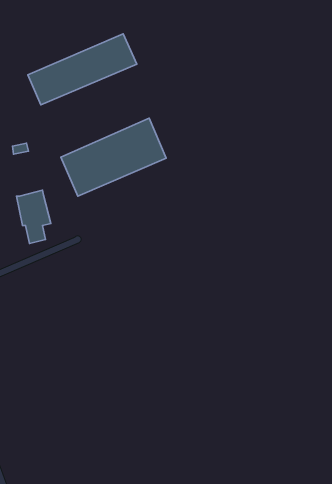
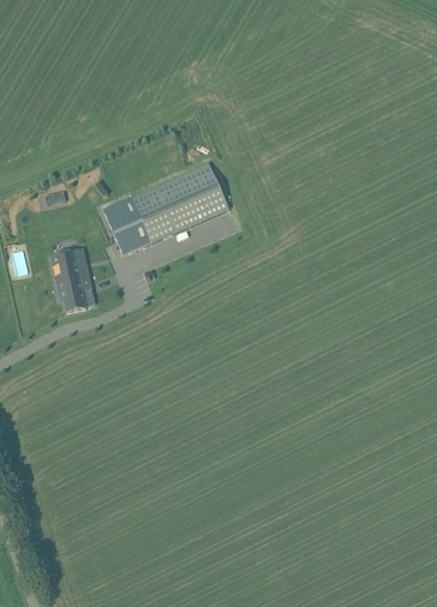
building: [28,34,137,105] -> none

